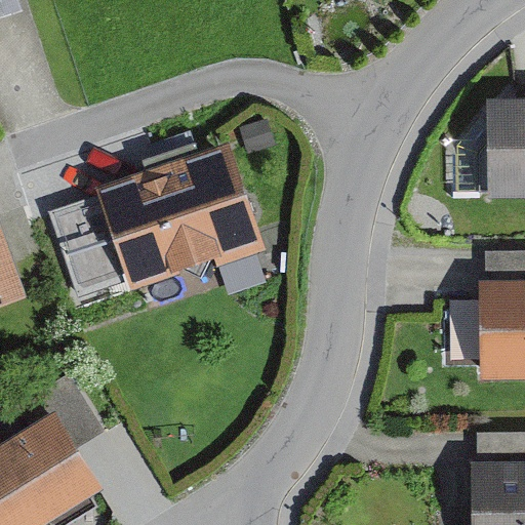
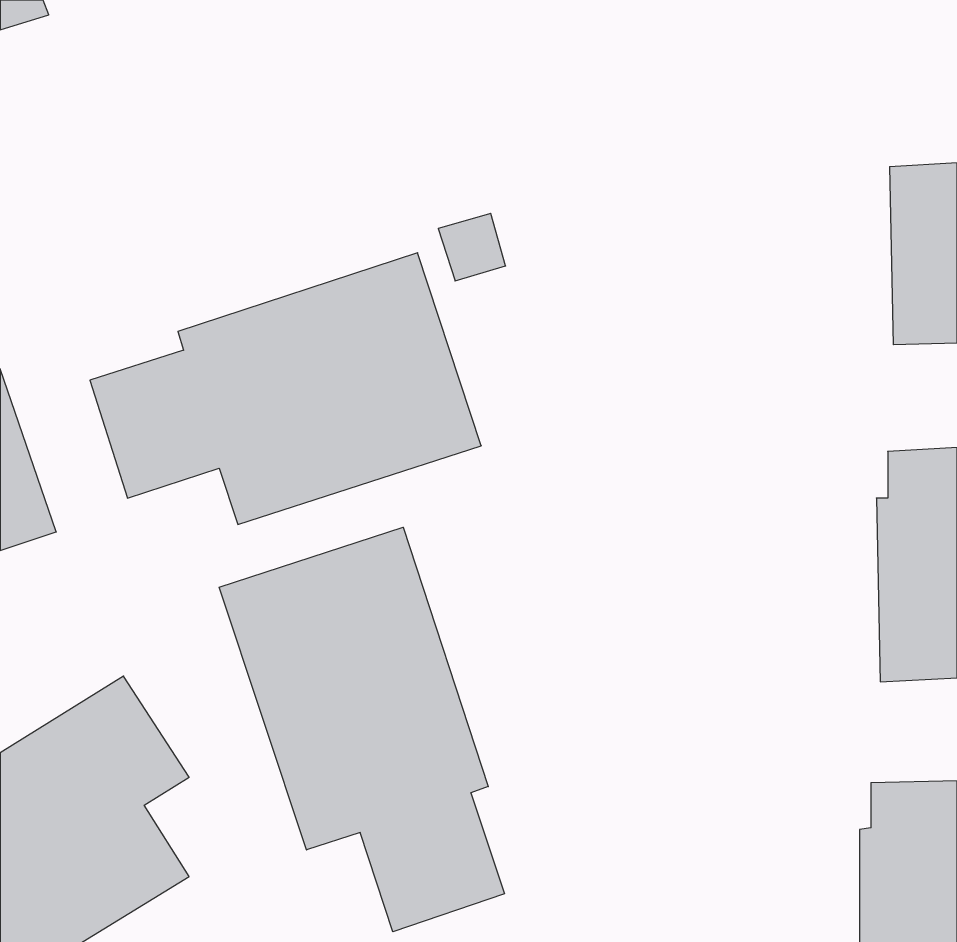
building: none -> [219,527,505,932]

